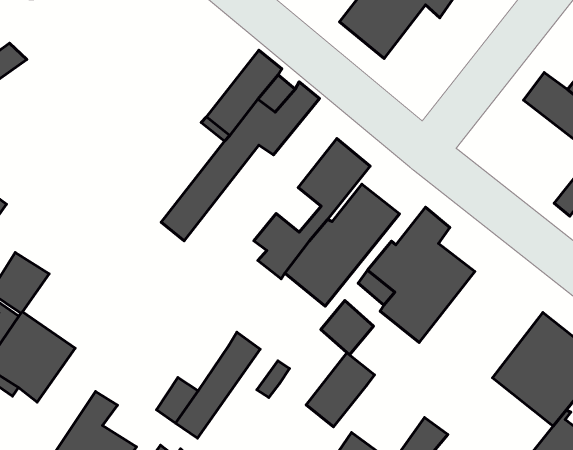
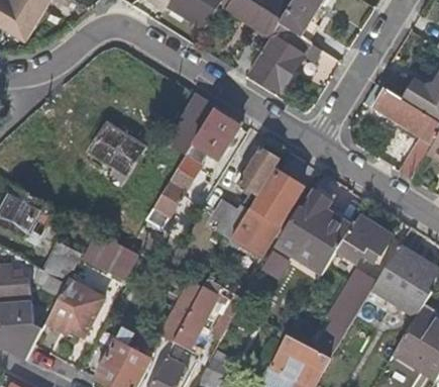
building: none -> [87,125,144,186]
building: none -> [82,233,139,281]
building: none -> [343,215,392,255]
building: [306,353,374,427] -> [336,268,377,316]

